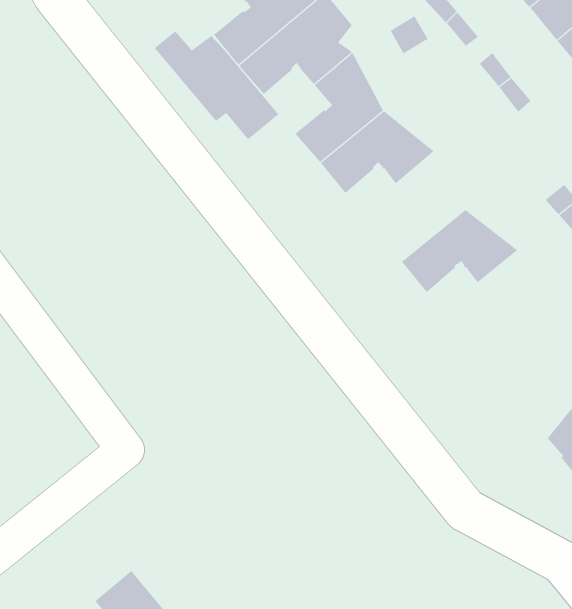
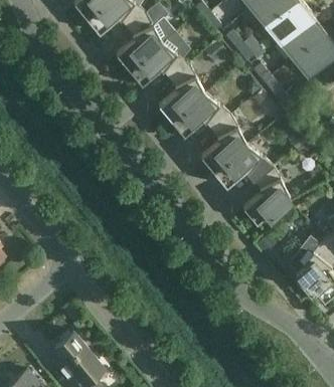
building: [154,31,279,140] -> none
building: none -> [200,115,246,172]
building: none -> [242,166,291,224]

